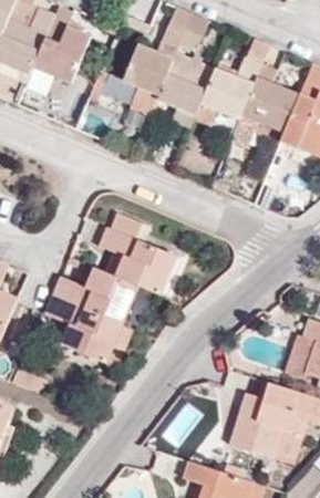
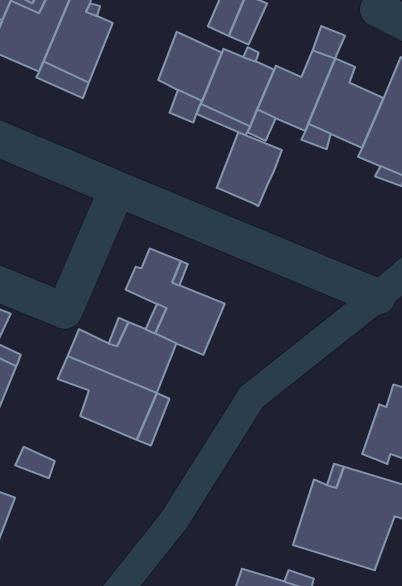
building: none -> [217,132,282,206]

